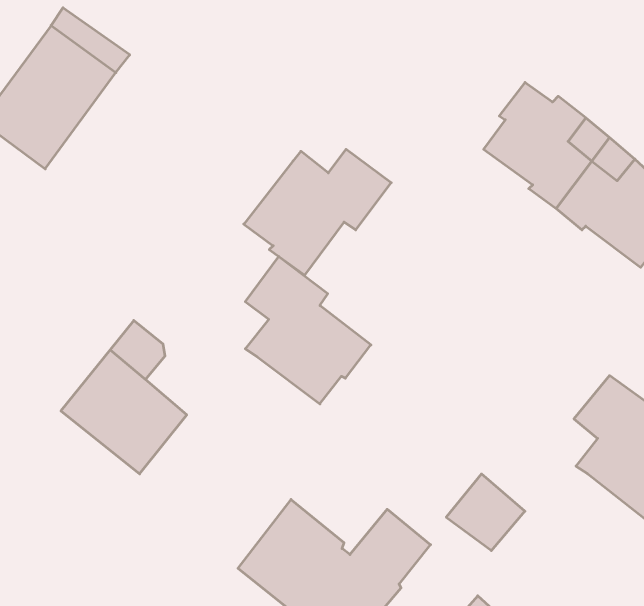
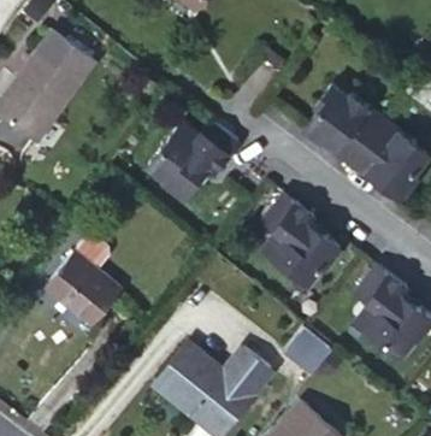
building: [245,256,371,404] -> [265,194,342,284]

